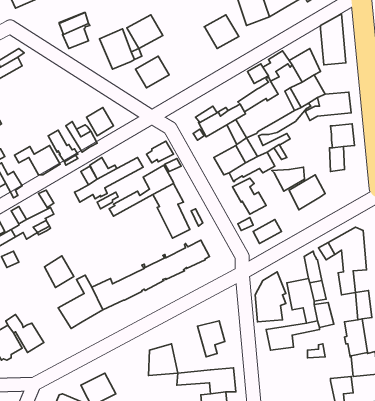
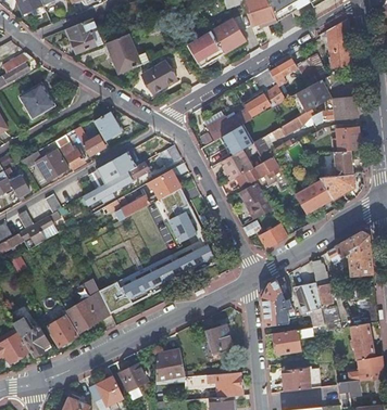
building: [127,15,163,49] -> [188,33,224,66]
building: none -> [18,82,55,119]
building: [272,167,305,191] -> [320,174,352,197]
building: [45,256,74,288] -> [48,316,77,347]
building: none -> [118,363,147,390]
building: none -> [283,368,310,390]

